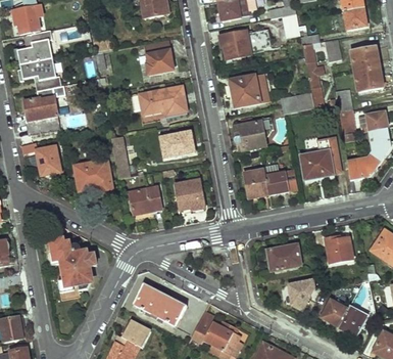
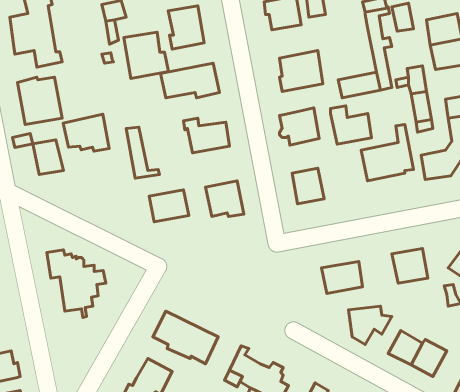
building: none -> [124,32,168,78]
building: [75,160,111,189] -> [63,114,109,151]
building: [264,163,297,193] -> [331,106,372,144]

